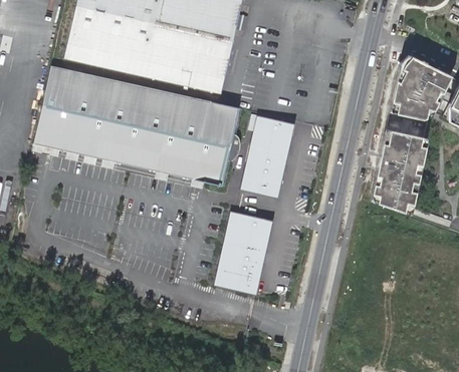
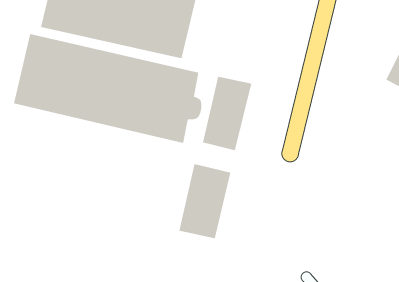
building: [390,55,453,119] -> none
building: [370,127,427,214] -> none

